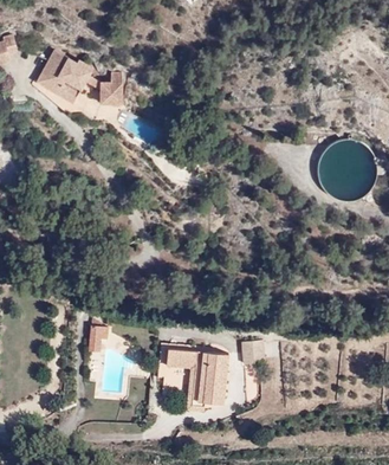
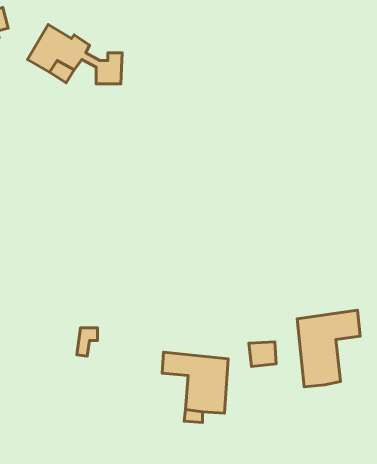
building: none -> [297,310,360,387]

